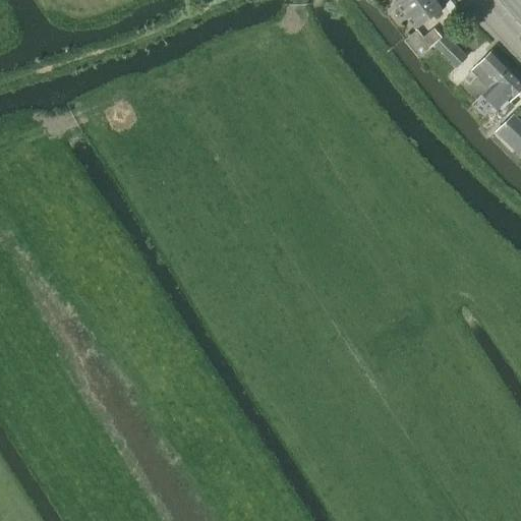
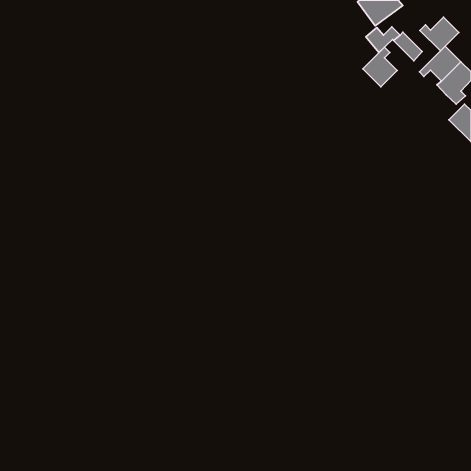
building: none -> [420,17,459,51]
building: none -> [363,47,397,87]

